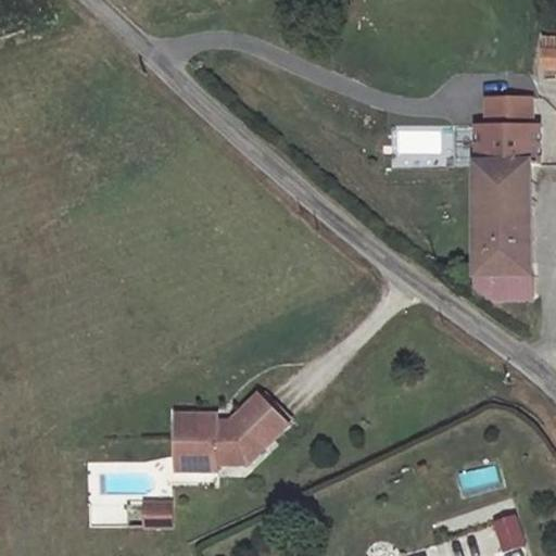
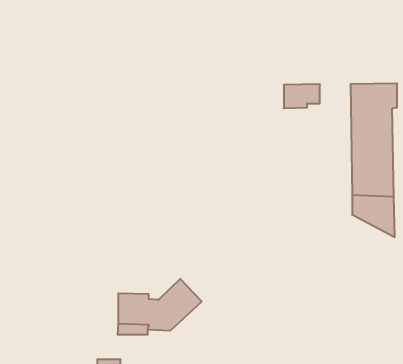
building: [483,96,528,124] -> none

